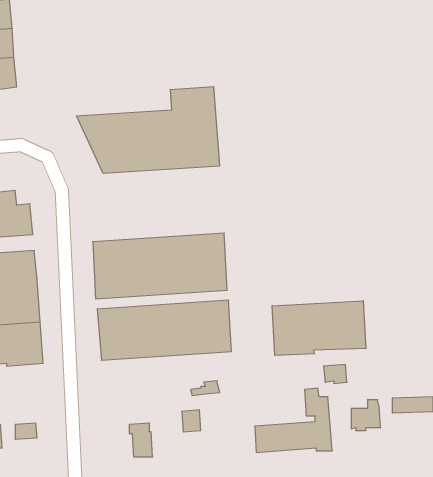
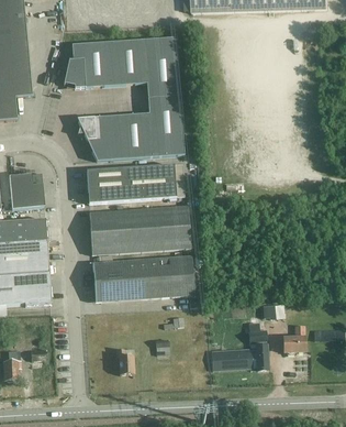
building: none -> [64,36,180,97]
building: none -> [87,163,185,202]
building: [272,301,366,355] -> none

